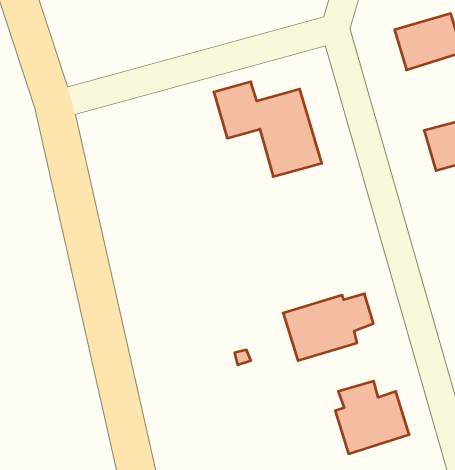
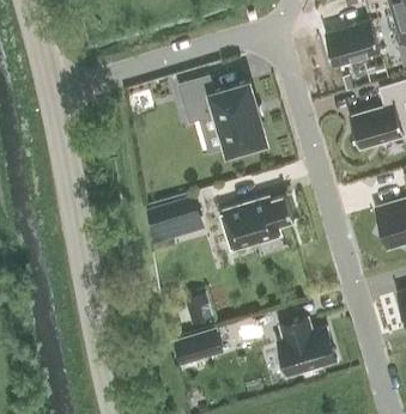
building: none -> [149,199,199,232]
building: [283,294,373,361] -> [220,197,293,251]
building: none -> [172,329,224,367]

